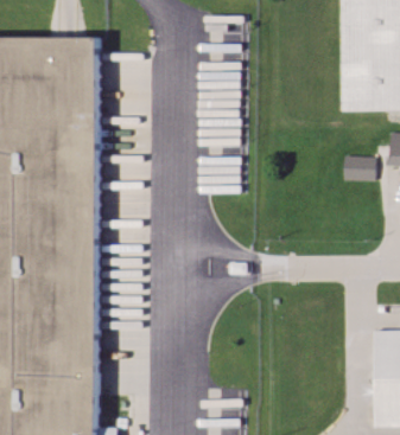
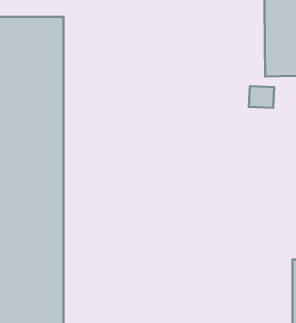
building: [347,156,377,183] -> [249,86,274,108]

